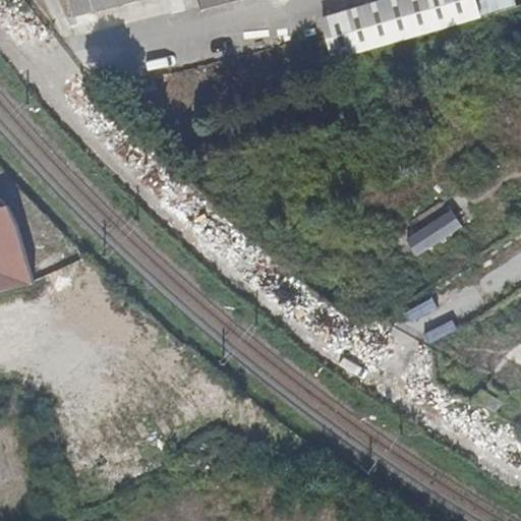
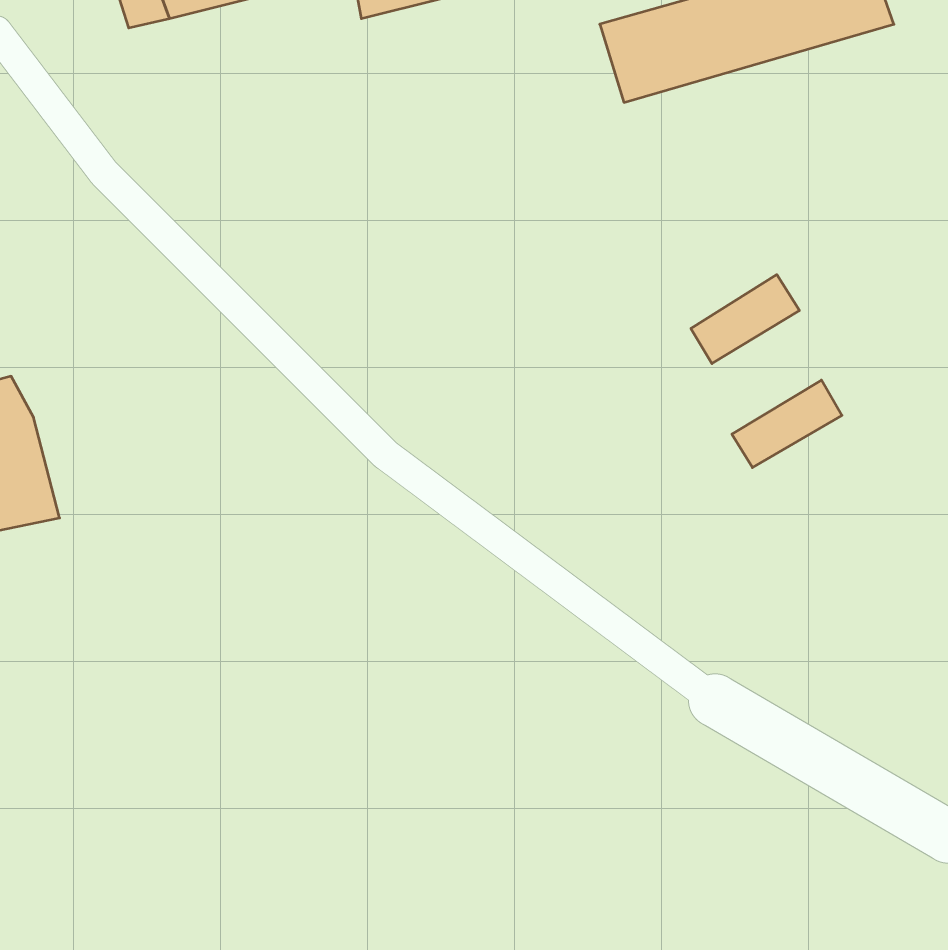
building: none -> [691,275,799,364]

